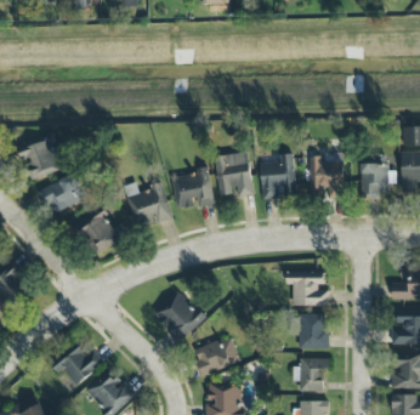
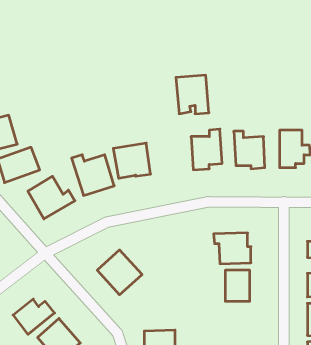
building: [215,153,252,197] -> [176,75,209,114]
building: [191,336,240,377] -> none
building: [295,358,328,391] -> none

